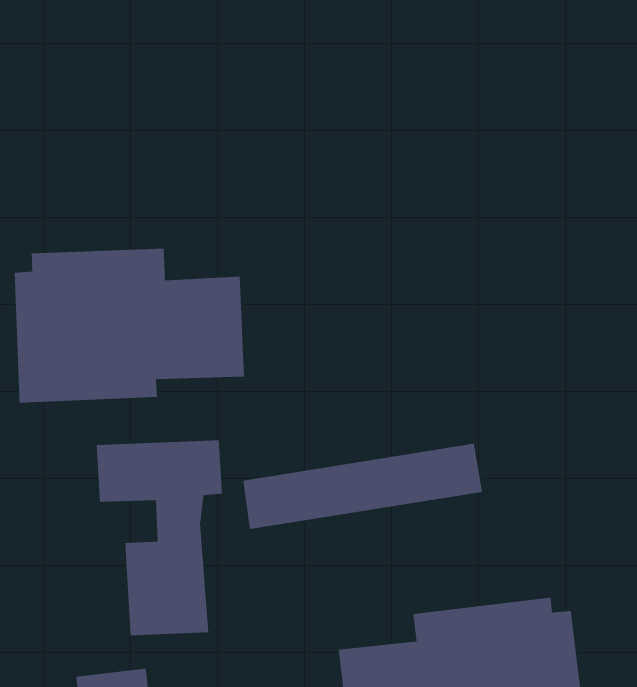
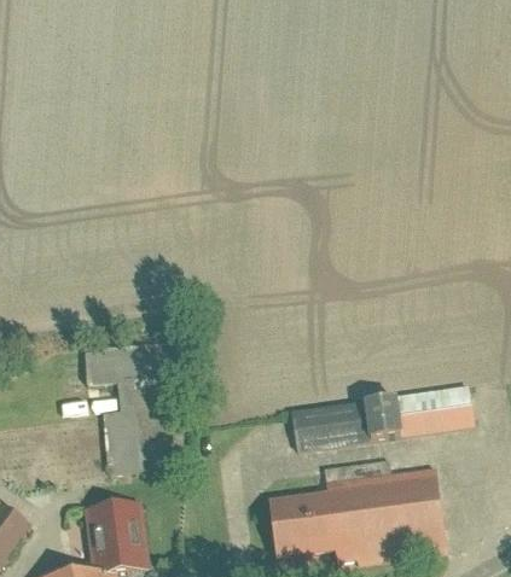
building: [14,248,244,404] -> none
building: [242,443,483,530] -> [300,386,471,448]

